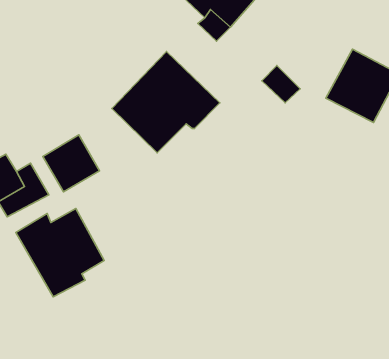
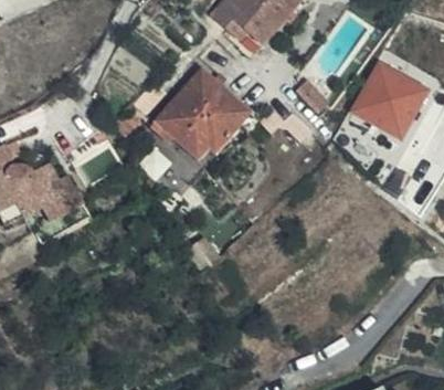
building: [43,135,99,192] -> none
building: [16,209,104,297] -> none

